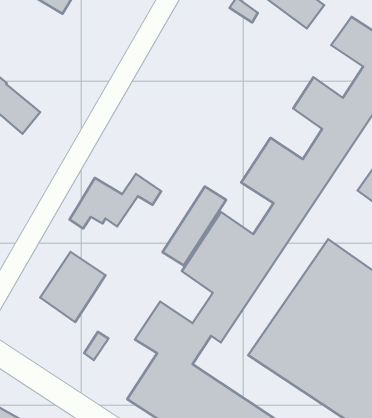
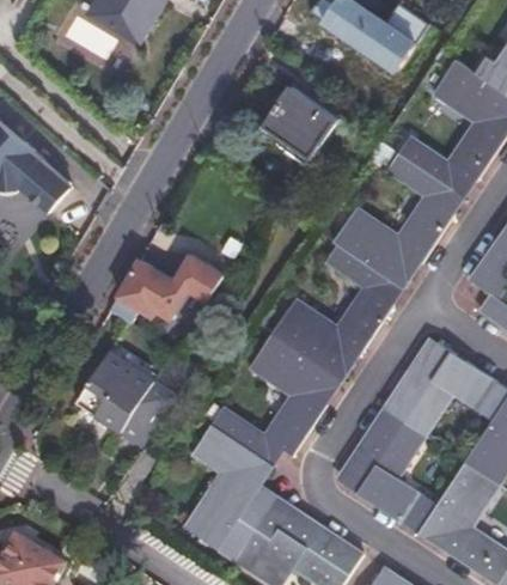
building: none -> [263,83,338,164]
building: [163,186,226,266] -> none
building: none -> [117,377,178,449]

